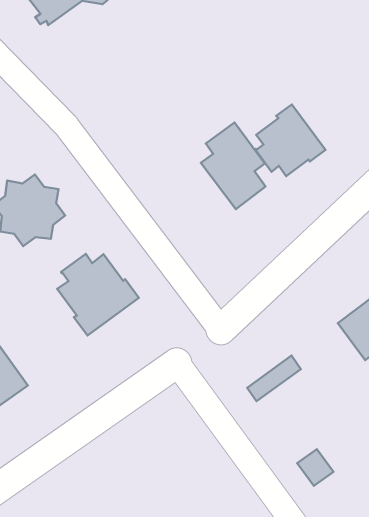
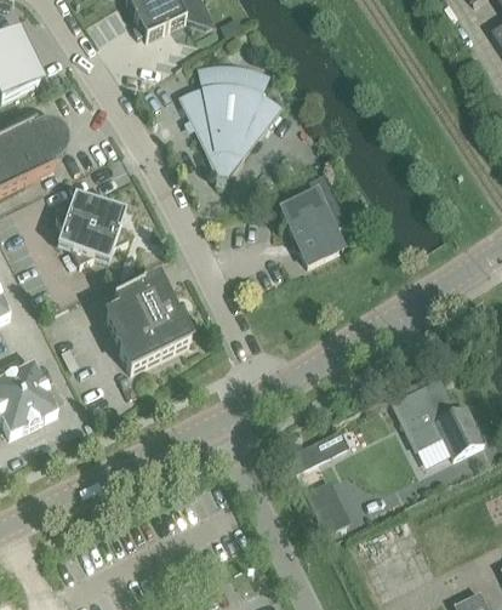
building: none -> [179,64,280,171]
building: [255,104,326,176] -> none
building: [297,449,333,486] -> [312,490,348,528]

